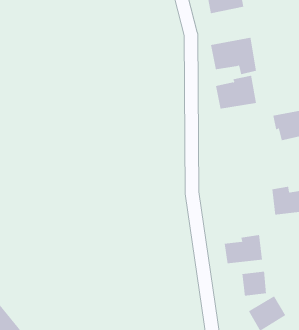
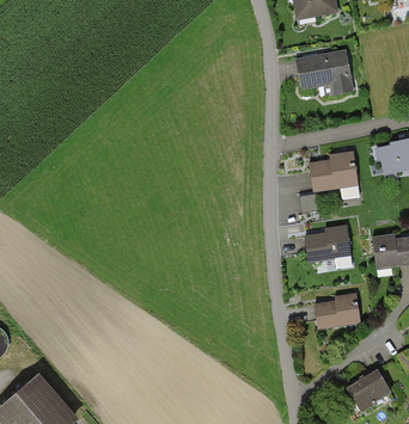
building: [215,75,257,109] -> [306,150,358,192]
building: none -> [304,225,350,262]
building: [242,271,266,296] -> none

